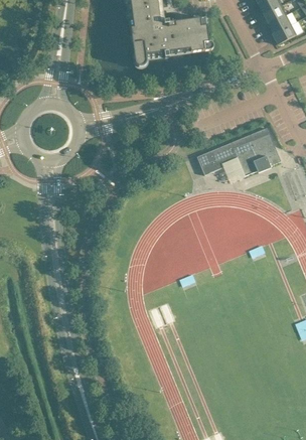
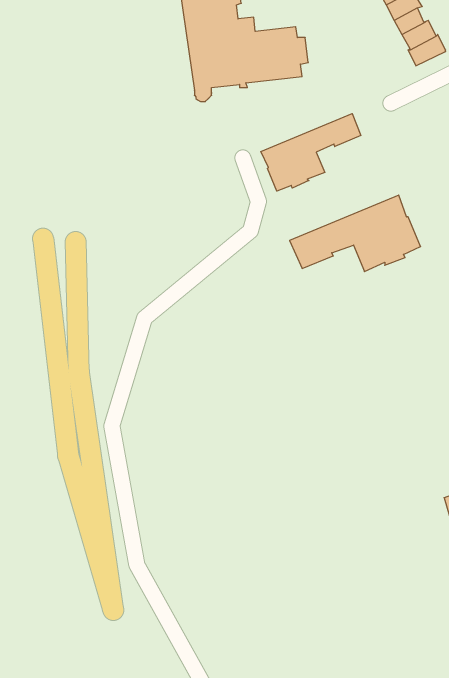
building: none -> [261,114,361,191]

